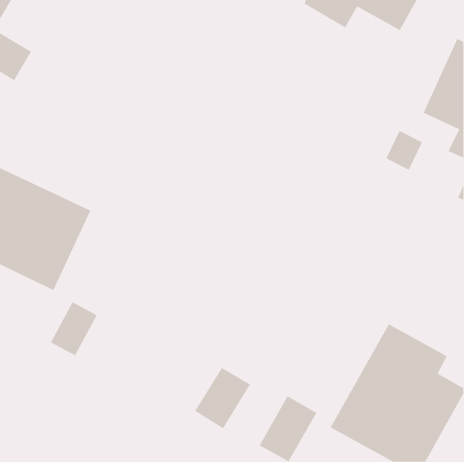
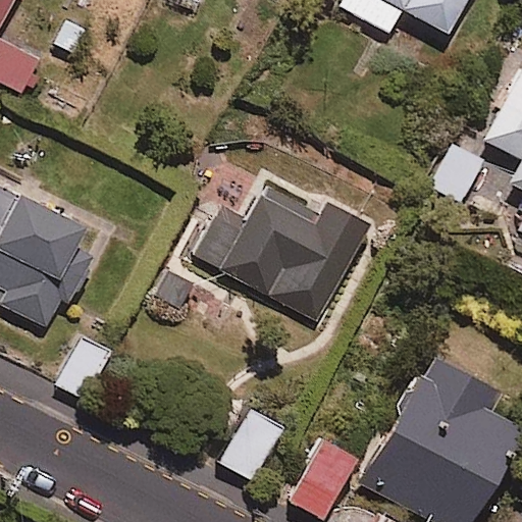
building: none -> [193,189,369,321]

